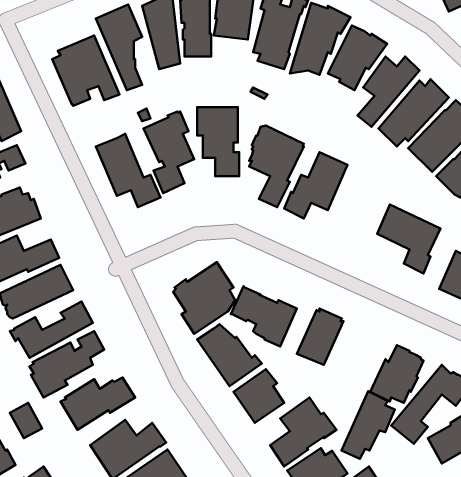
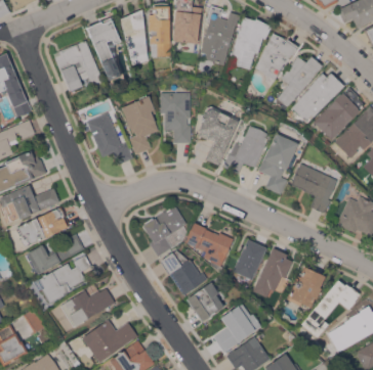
building: none -> [257,134,297,195]
building: [341,391,395,459] -> [253,248,292,297]

